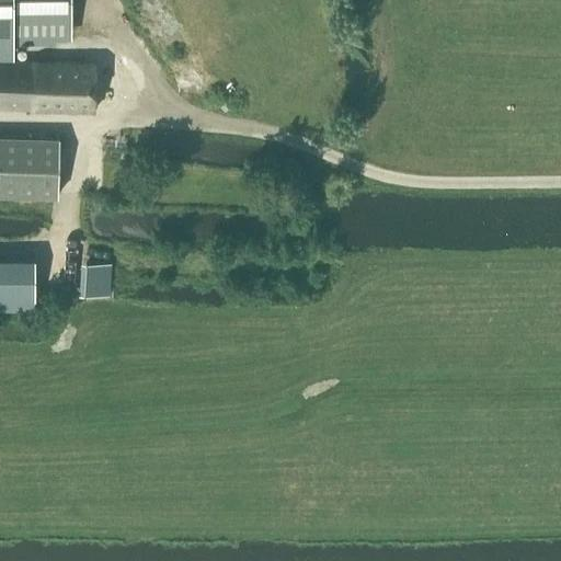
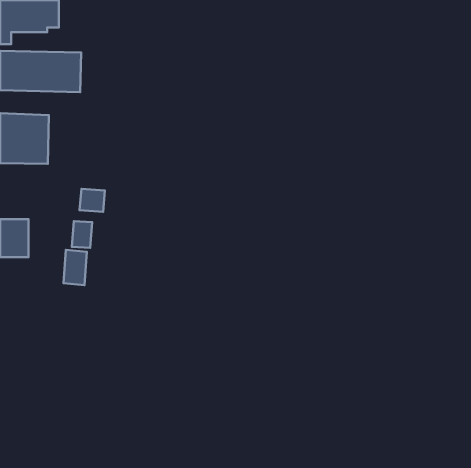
building: none -> [80,189,105,212]
building: none -> [63,250,87,285]

